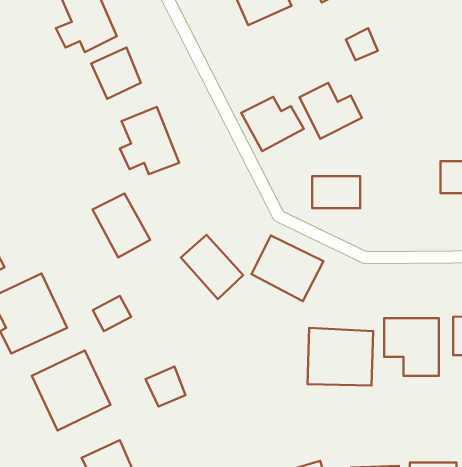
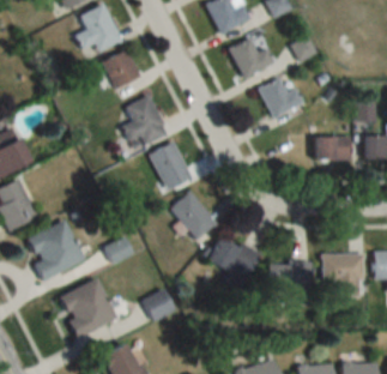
building: [241,97,304,151] -> [229,38,276,79]
building: [312,176,360,208] -> [314,137,350,161]
building: [93,193,150,258] -> [150,141,193,189]
building: [252,236,324,301] -> [206,235,260,284]

